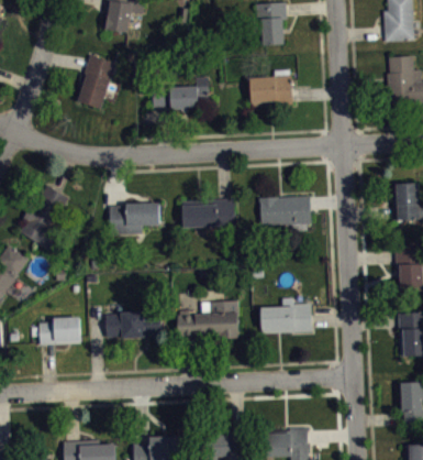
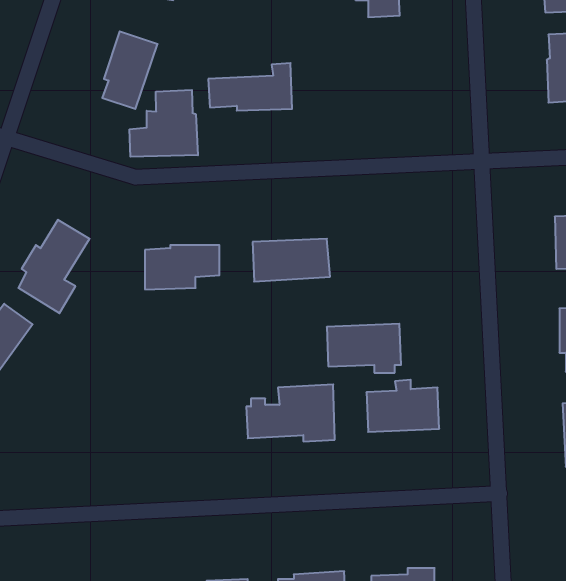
building: [251,69,293,107] -> none
building: none -> [130,90,198,157]
building: [259,196,311,230] -> [327,324,401,373]
building: [105,311,162,339] -> none
building: [32,317,80,346] -> none

